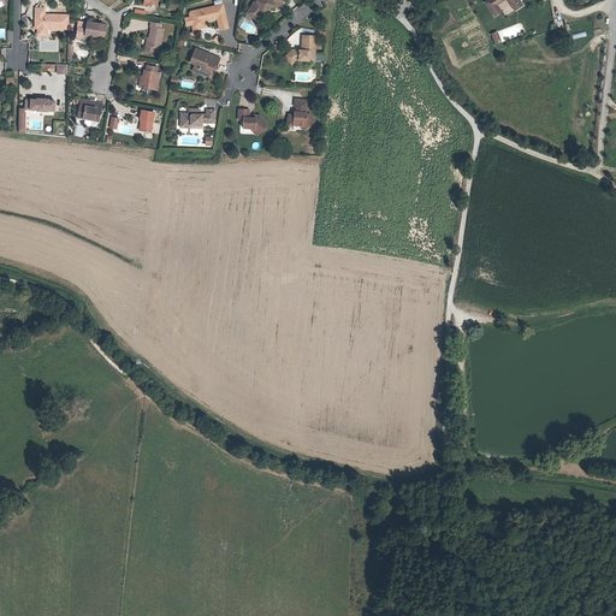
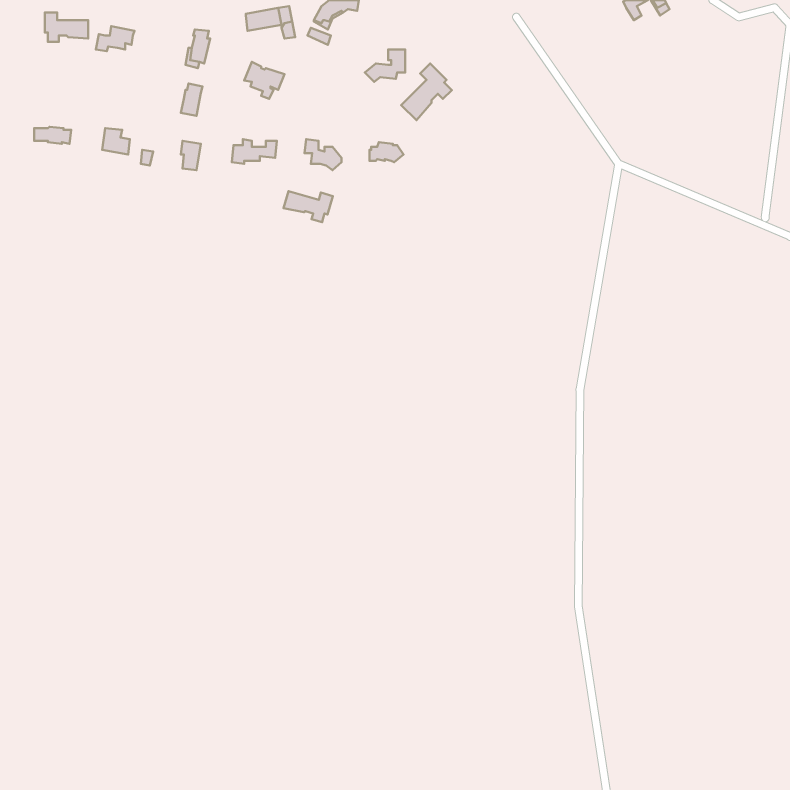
building: none -> [401,64,452,120]
building: none -> [284,191,333,222]

